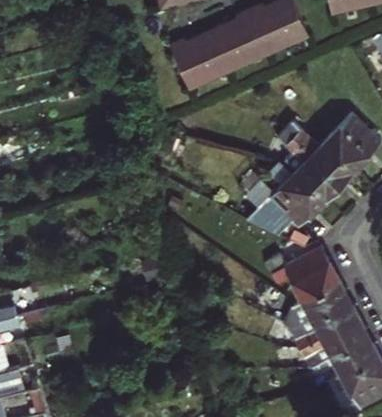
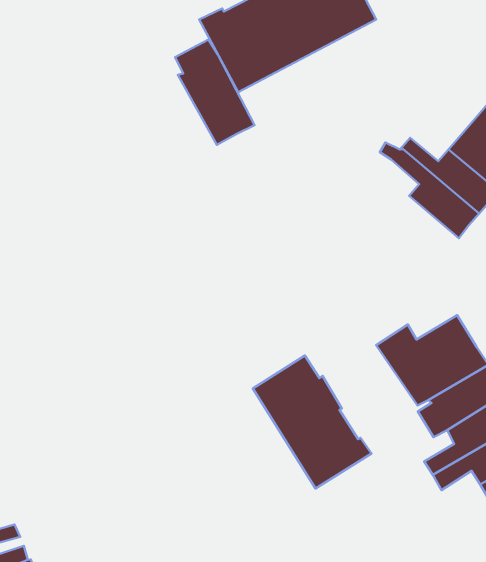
building: none -> [175,39,254,145]
building: [256,171,327,238] -> none
building: none -> [253,356,371,488]

